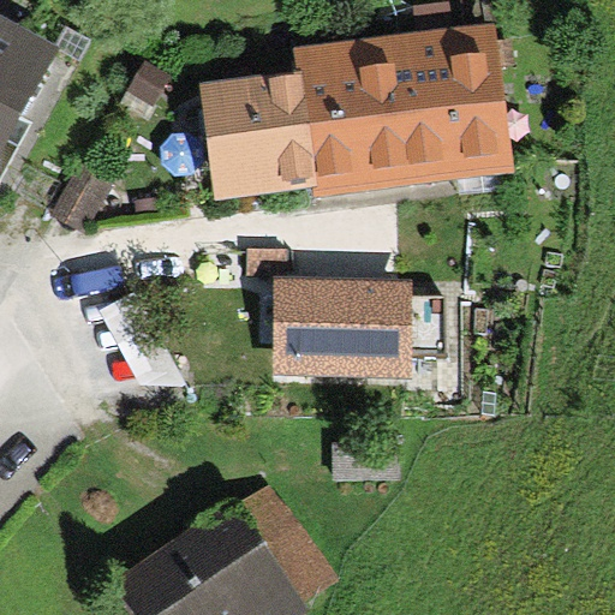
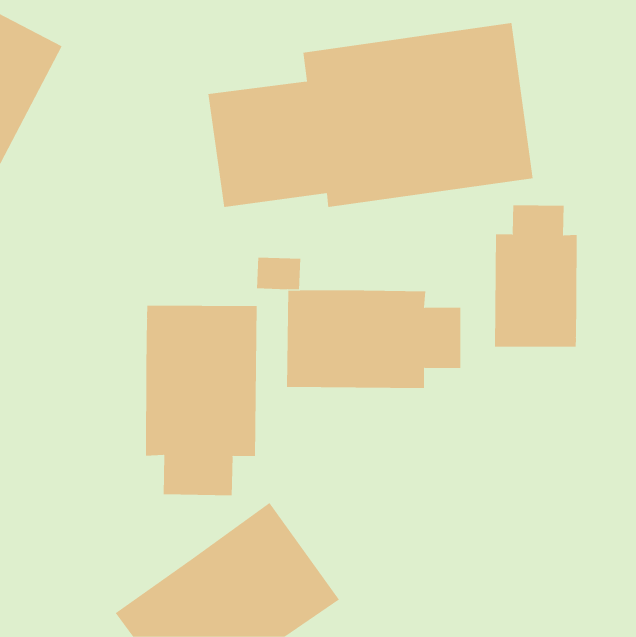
building: none -> [495,204,577,347]
building: none -> [145,305,257,496]

